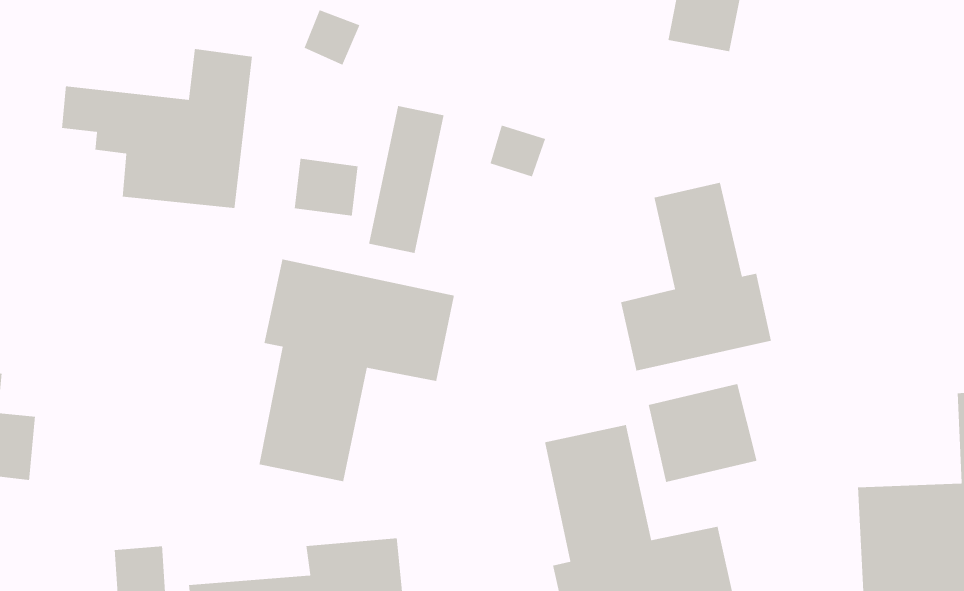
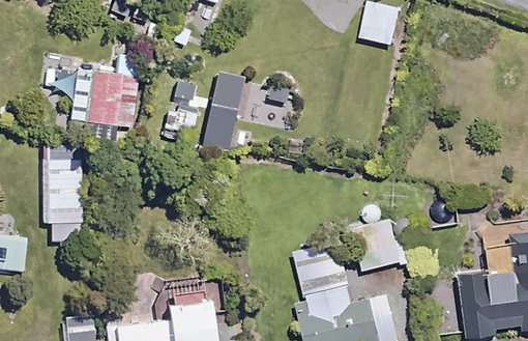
building: [620,182,772,372] -> none
building: none -> [49,146,81,222]
building: [258,259,455,482] -> none

